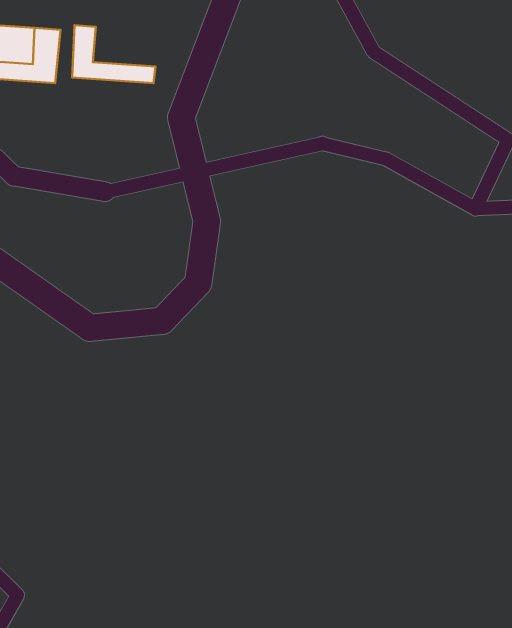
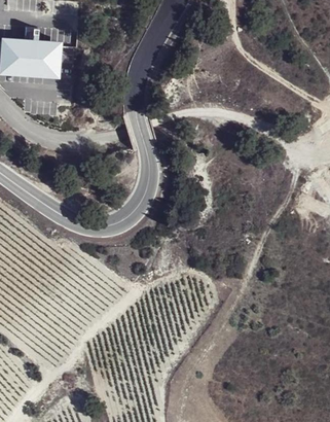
building: [72,25,156,83] -> none

